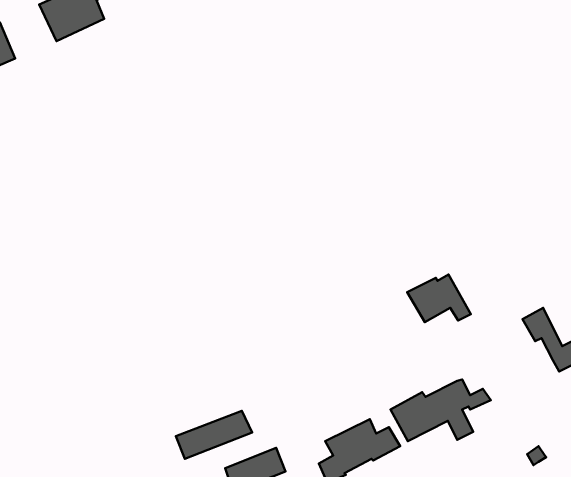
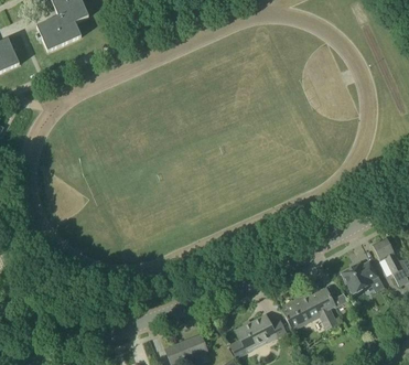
building: [407,275,471,322] -> [341,260,385,293]
building: [176,411,252,459] -> none

